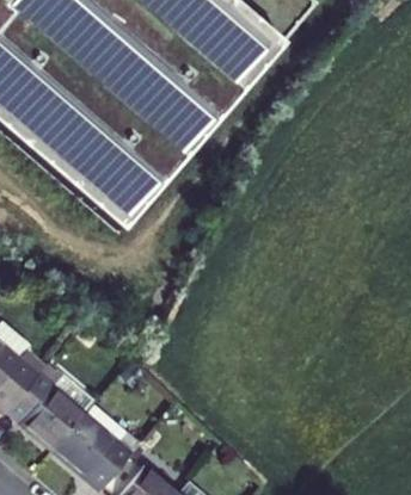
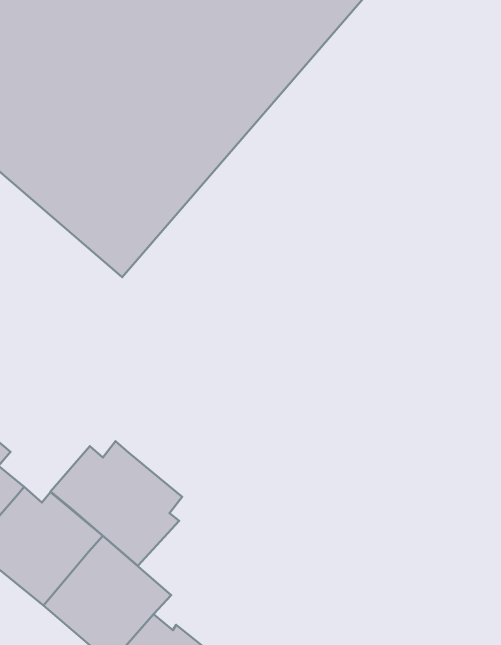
building: none -> [50,441,182,566]

